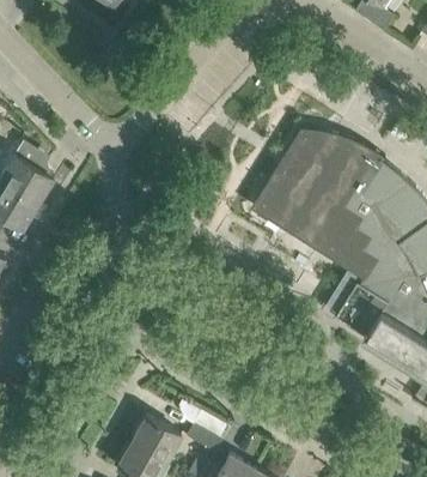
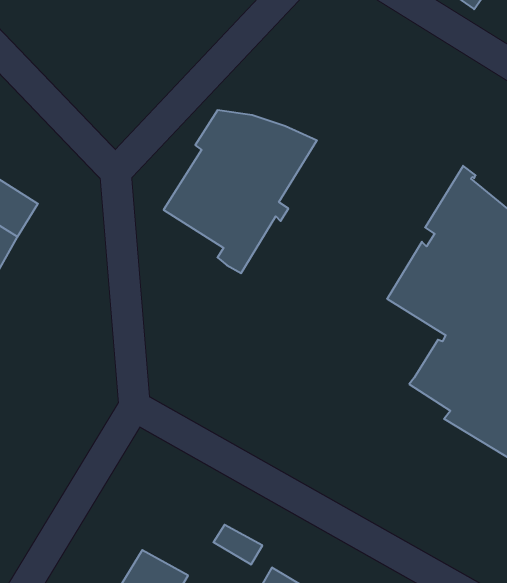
building: [258,127,374,250] -> [164,110,317,273]
building: [132,415,181,460] -> none

